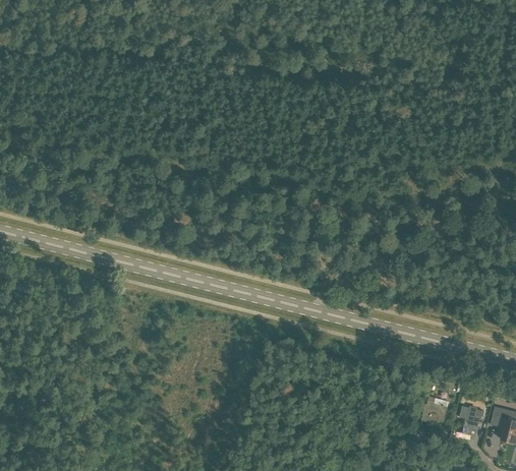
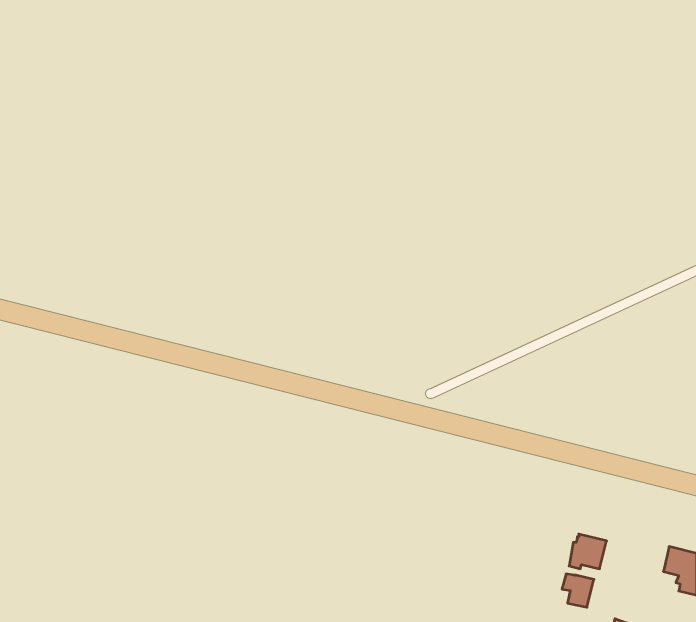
building: [458,407,481,431] -> [562,574,594,607]

